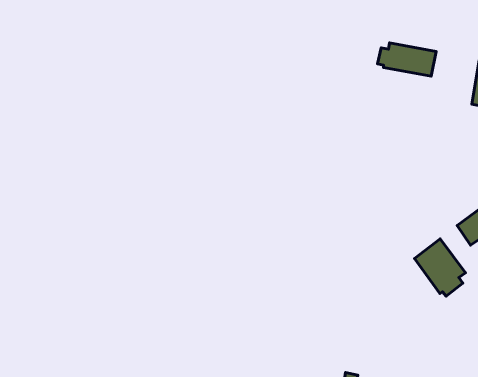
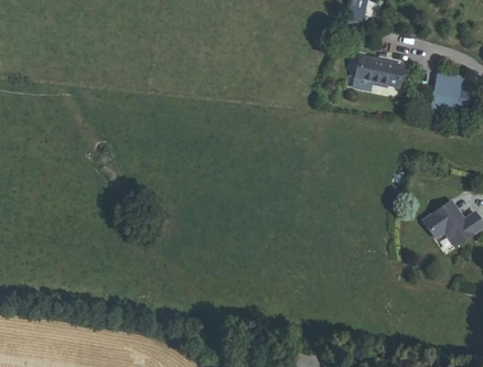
building: [414,239,465,296] -> none

